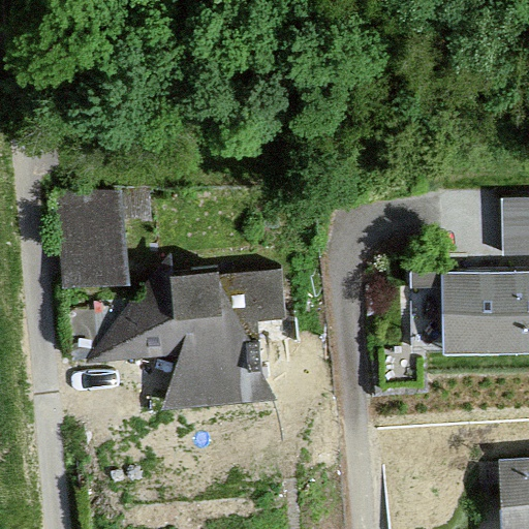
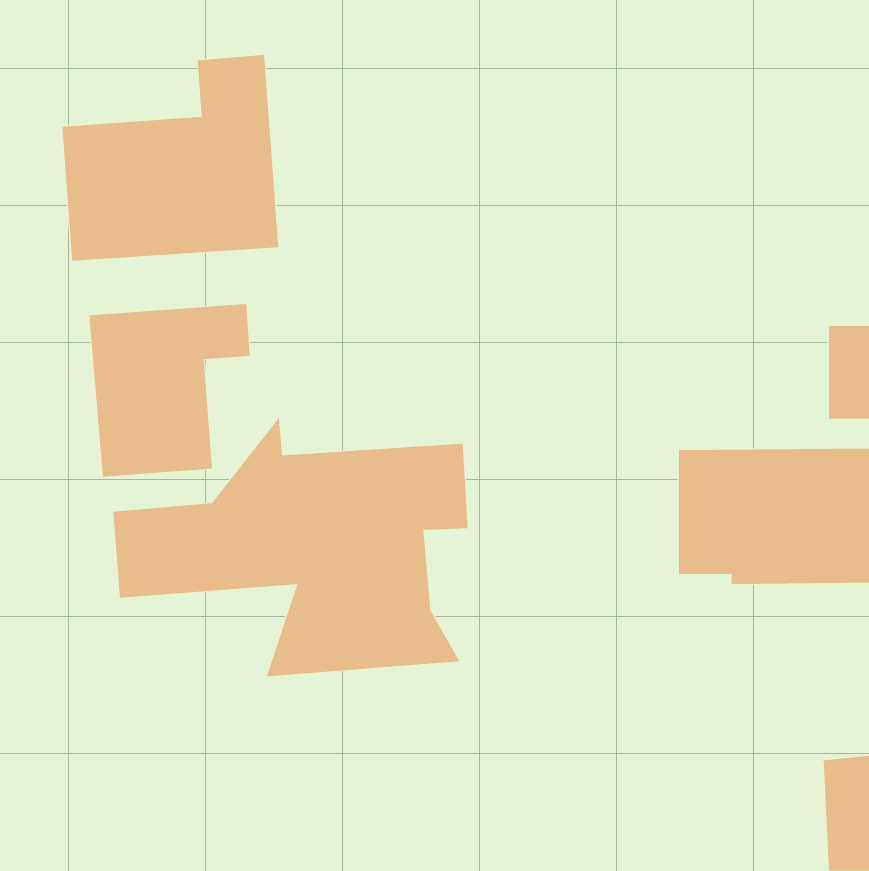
building: none -> [62,54,279,262]

